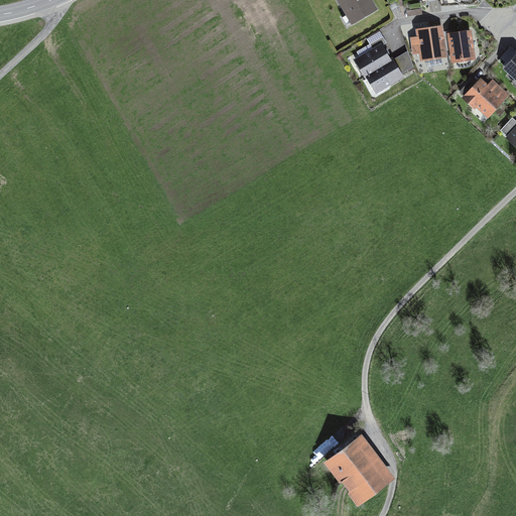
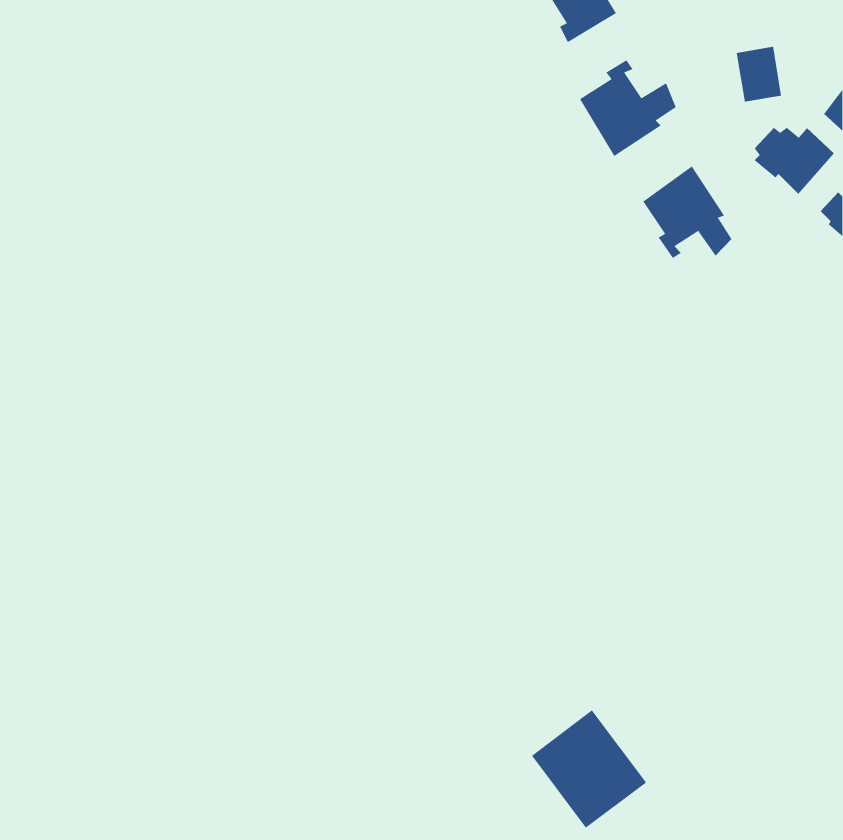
building: [415,24,448,60] -> none
building: none -> [642,166,732,259]

